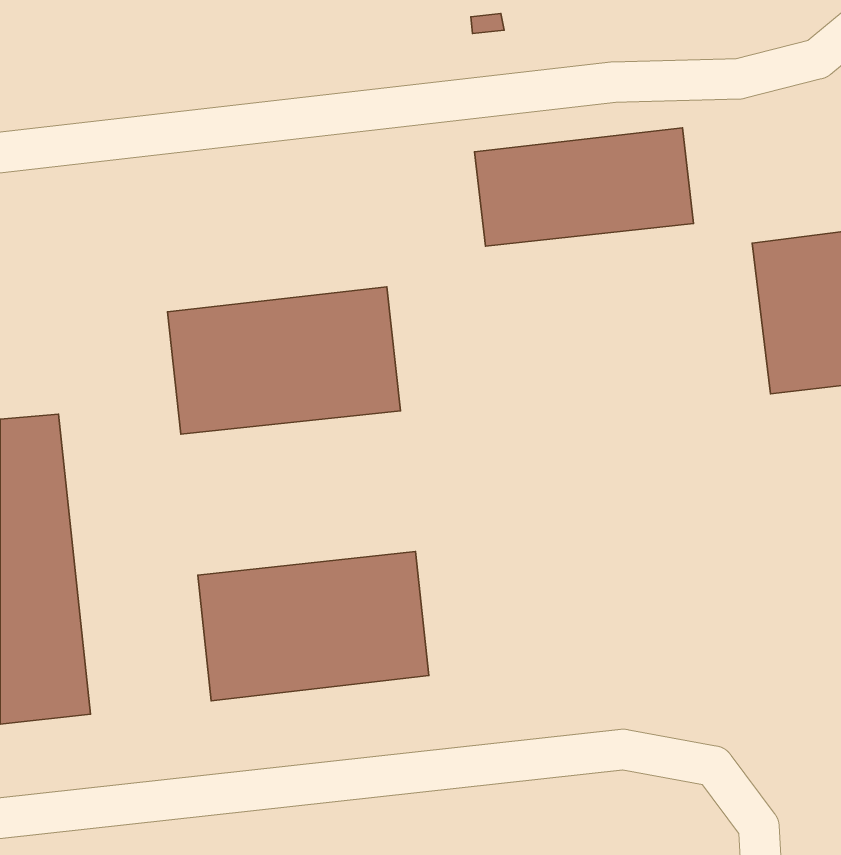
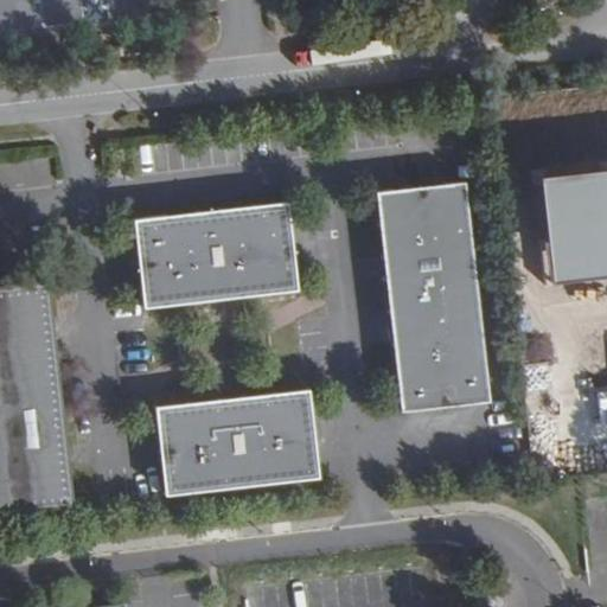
building: [475,128,694,246] -> none
building: none -> [375,184,491,410]

